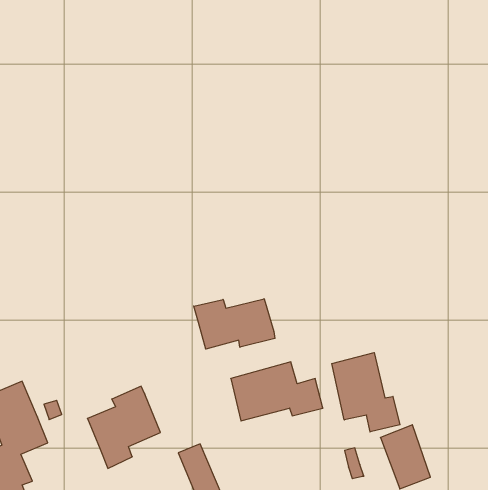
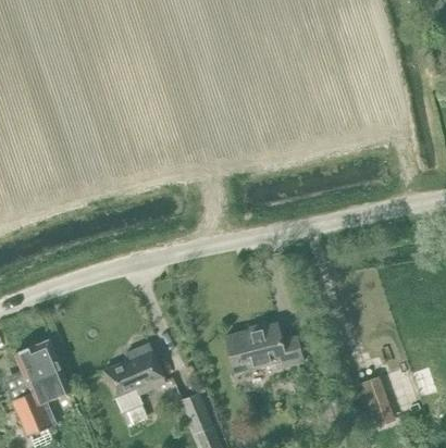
building: [194,299,275,349] -> none
building: [332,353,400,432] -> none

